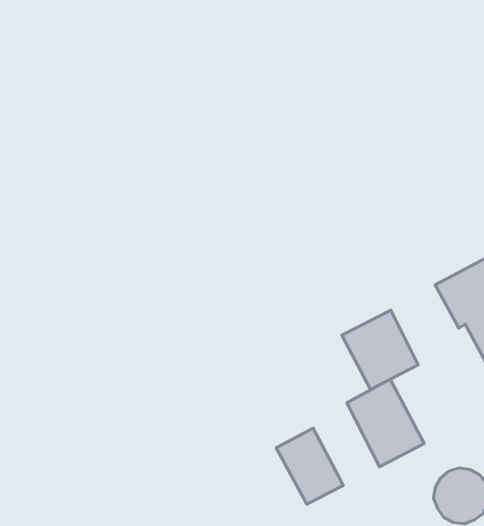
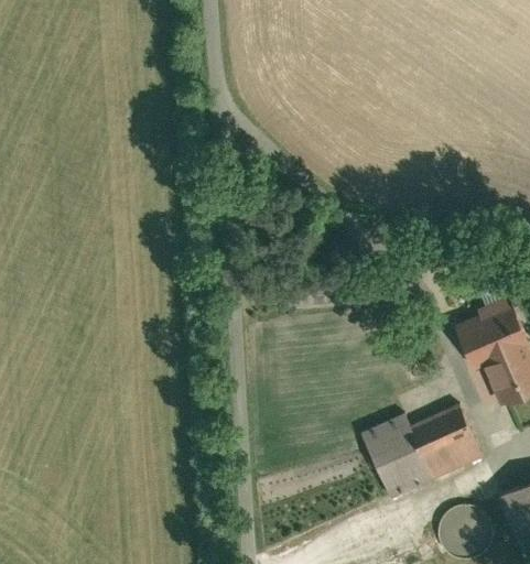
building: [342,310,418,390] -> [410,402,483,478]
building: [276,428,343,504] -> none

